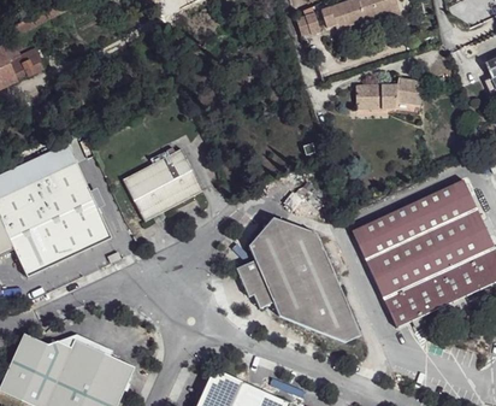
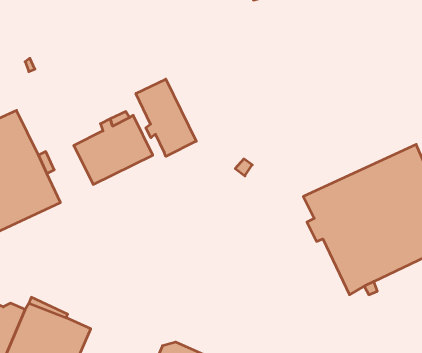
building: [358,75,421,108] -> none
building: none -> [136,79,196,156]
building: [236,218,361,342] -> none

